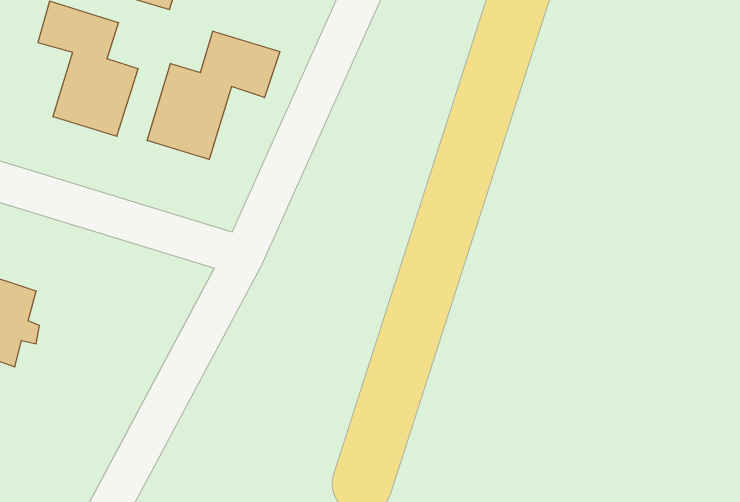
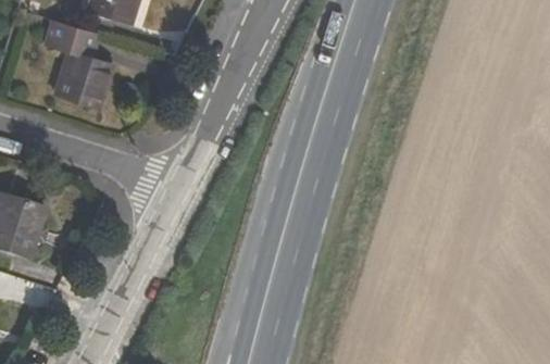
building: [147,31,280,160] -> none

